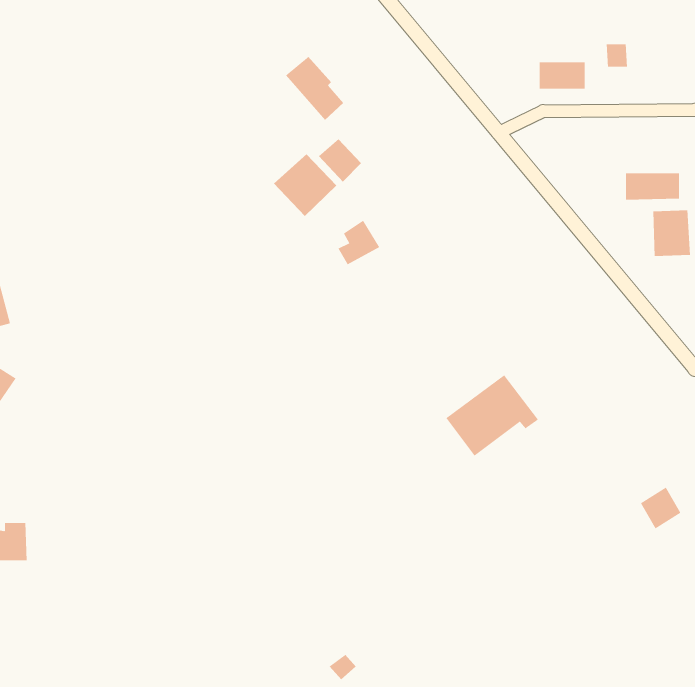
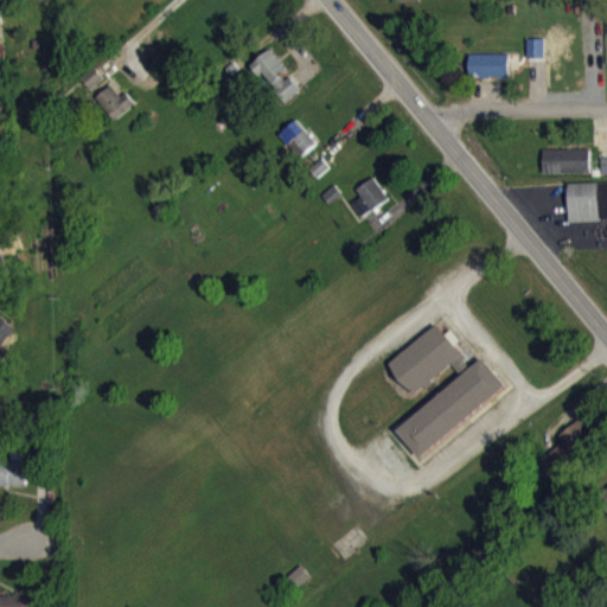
building: none -> [91,84,133,120]
building: [273,153,337,217] -> none
building: [338,220,380,265] -> [349,177,385,216]
building: none -> [394,358,504,458]

